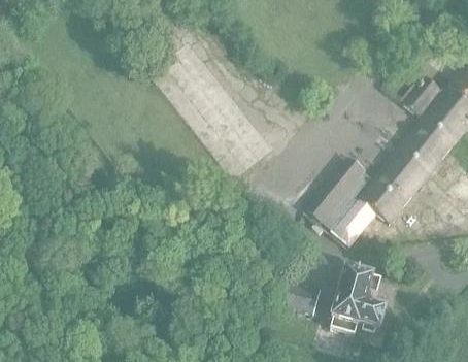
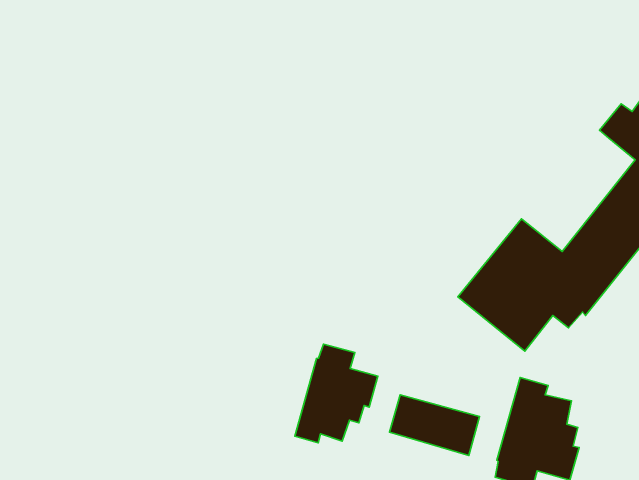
building: none -> [295,344,378,443]

